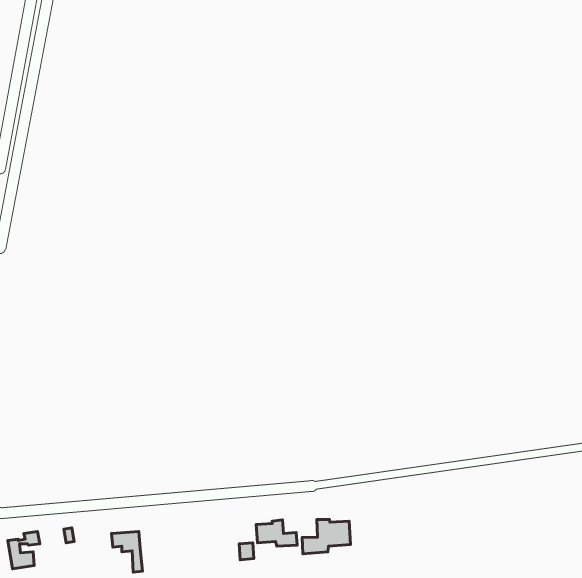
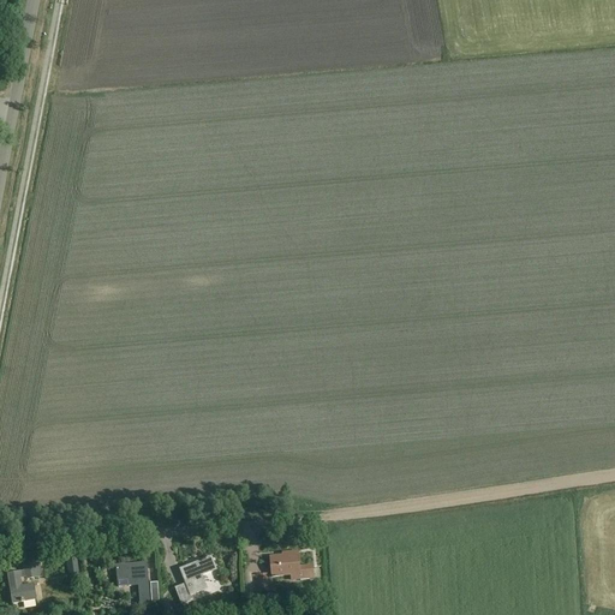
building: [302,519,351,554] -> none
building: none -> [174,555,217,602]

